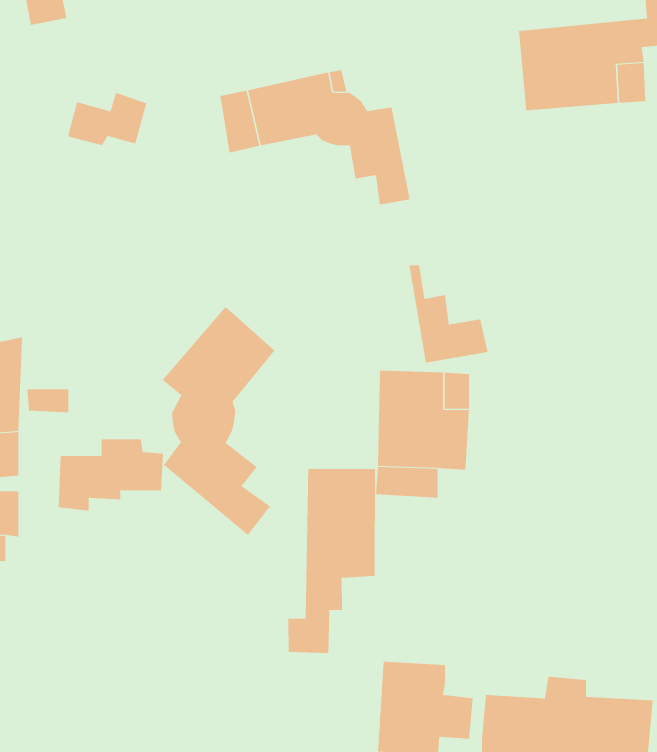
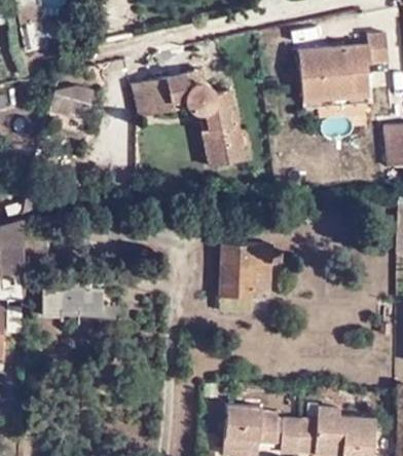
building: [409,265,488,363] -> [199,116,244,170]
building: [162,306,275,536] -> none
building: [288,468,375,654] -> none

